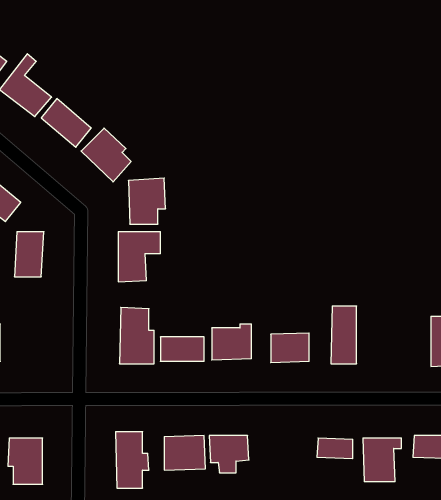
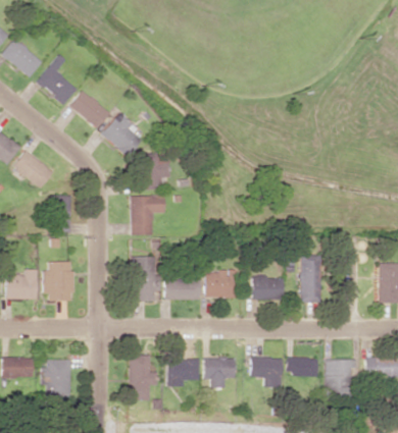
building: none -> [43,261,72,301]
building: none -> [250,357,283,386]

